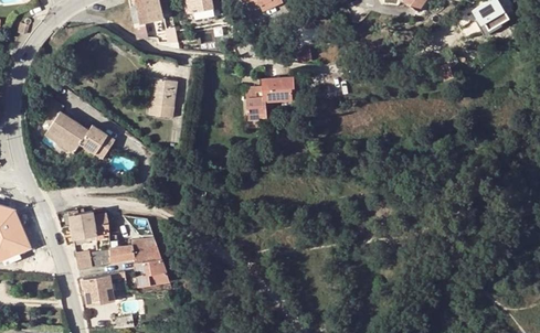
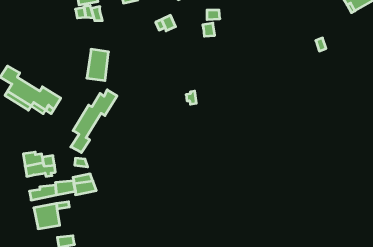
building: [245,78,294,121] -> none
building: none -> [71,90,117,153]
building: [135,258,169,287] -> none

